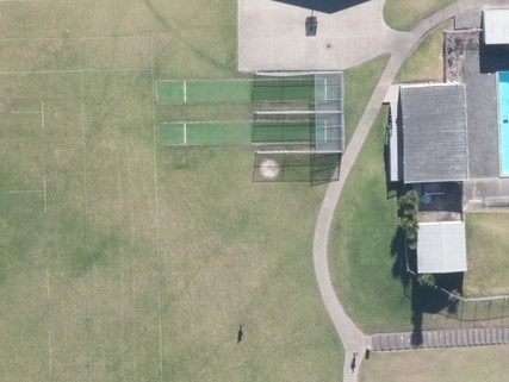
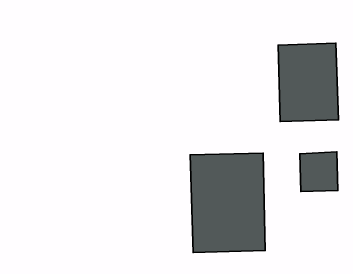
building: none -> [190,153,265,252]

